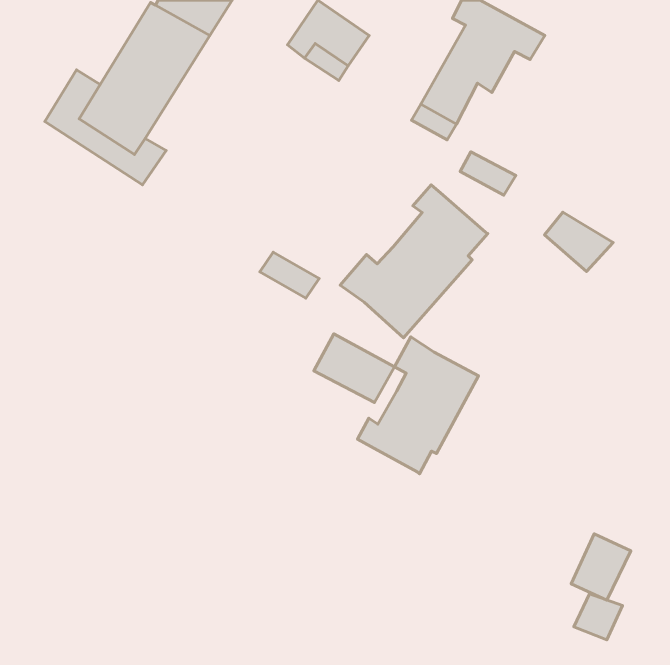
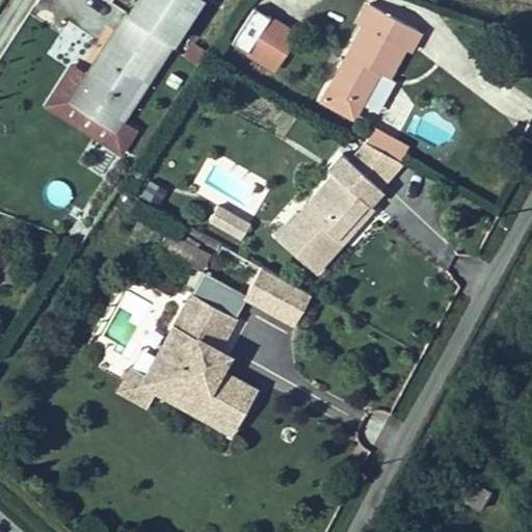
building: [544,212,613,272] -> [352,143,406,190]
building: [357,337,479,474] -> none
building: none -> [117,281,258,436]
building: [571,534,631,600] -> none

